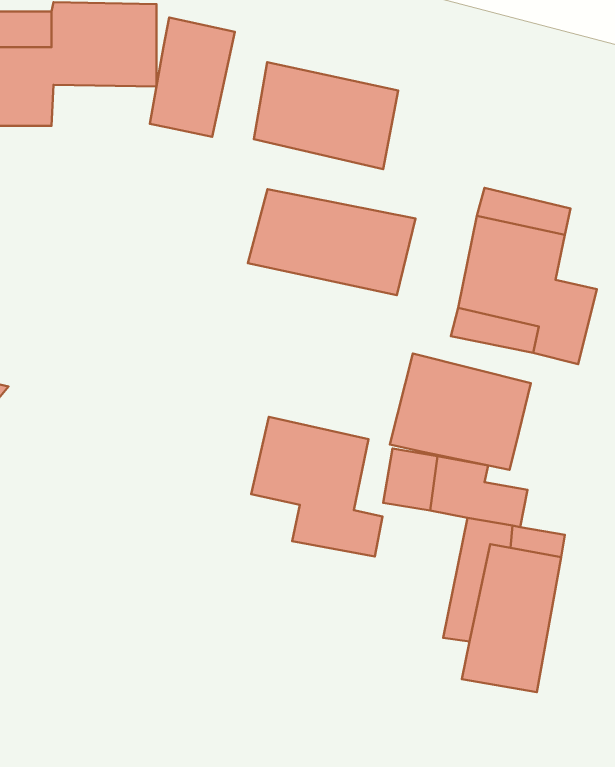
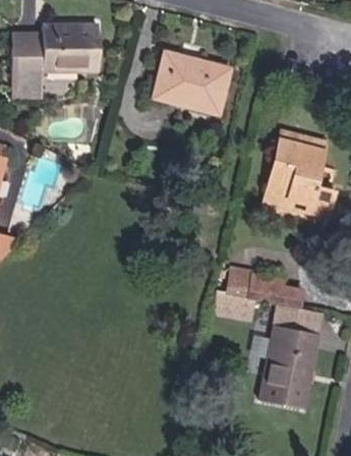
building: [150,17,235,137] -> none
building: [248,189,415,295] -> none
building: [390,354,531,470] -> none
building: [251,417,382,557] -> none

